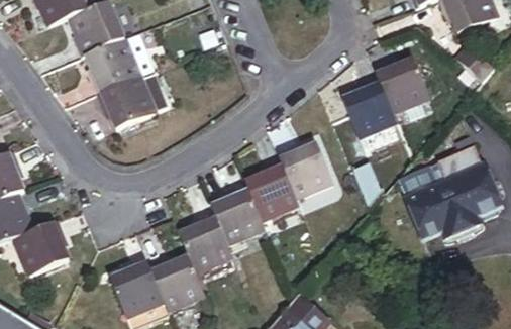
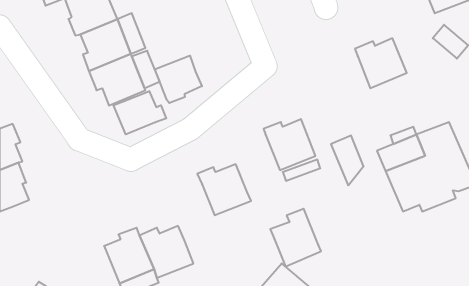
building: none -> [155,56,202,103]
building: [342,80,395,138] -> none
building: none -> [113,91,166,134]
building: [244,161,298,222] -> [270,209,321,267]
building: [179,214,231,273] -> none
building: [14,219,69,275] -> none

